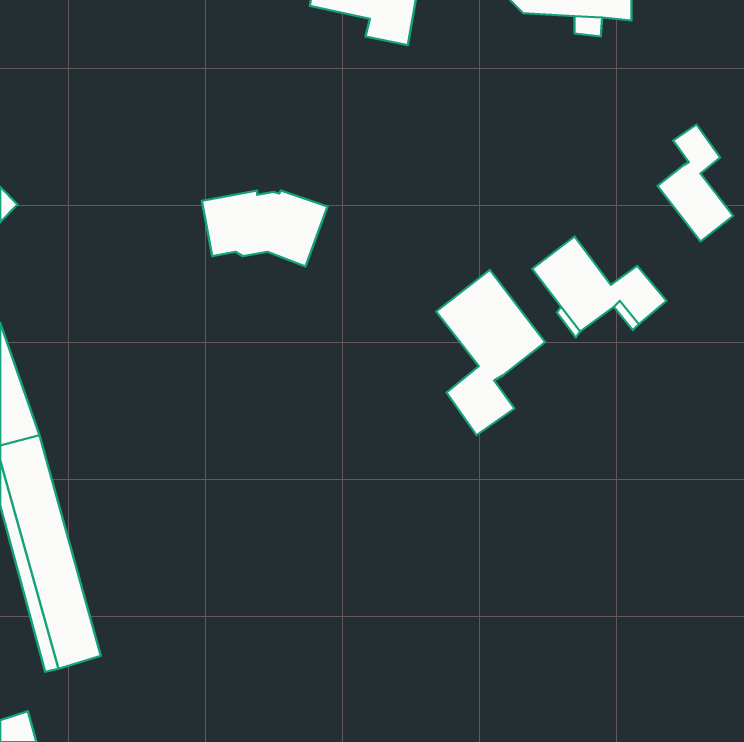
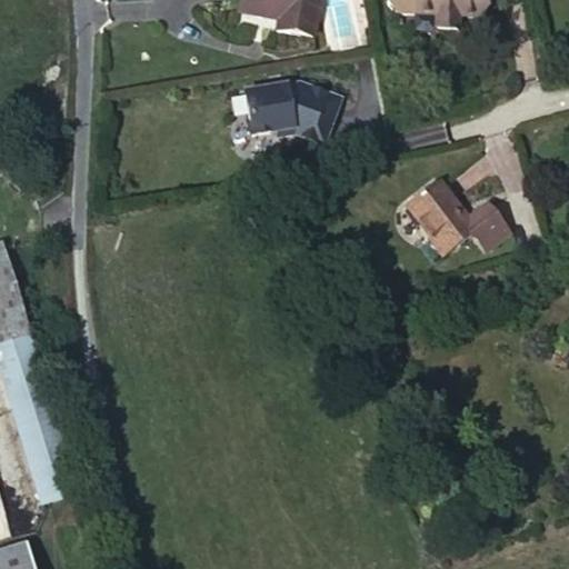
building: [658,125,733,241] -> none
building: [202,190,327,266] -> [246,81,341,139]
building: [436,270,545,435] -> none

